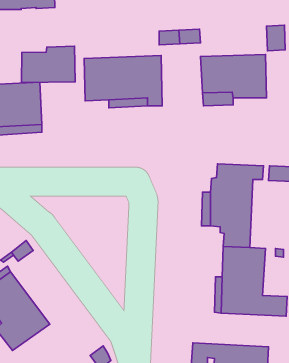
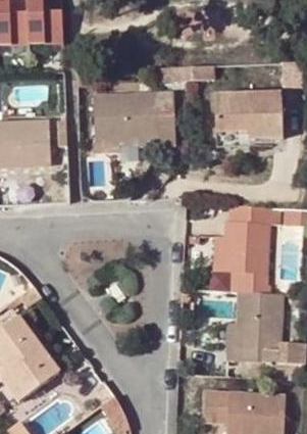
building: [21,46,75,82] -> none

